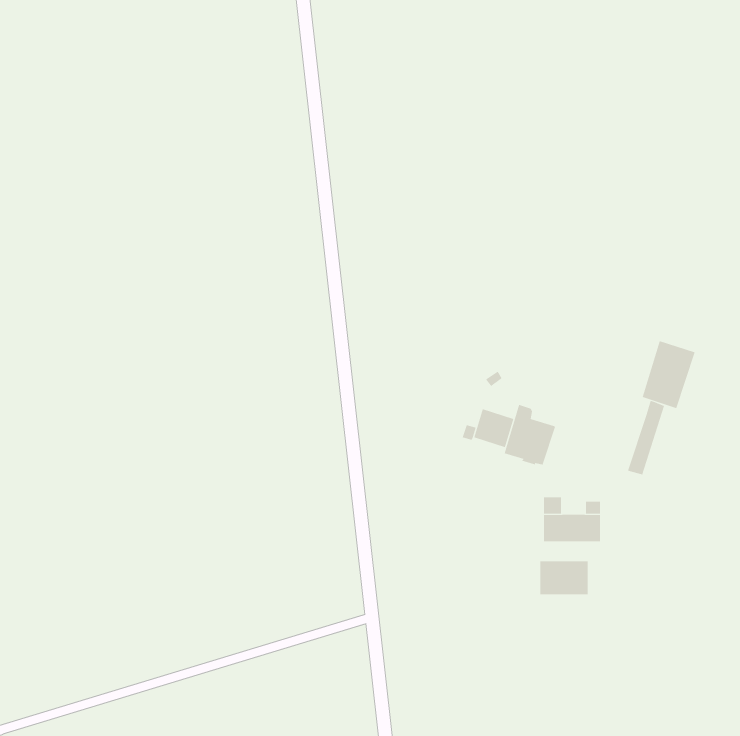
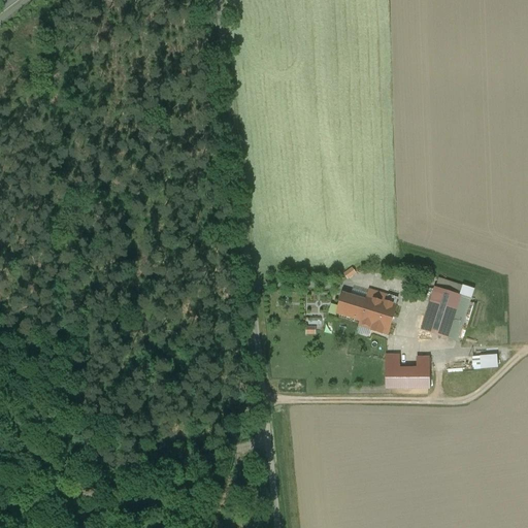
building: [642,341,695,409] -> [422,287,460,335]
building: [540,561,588,595] -> none

